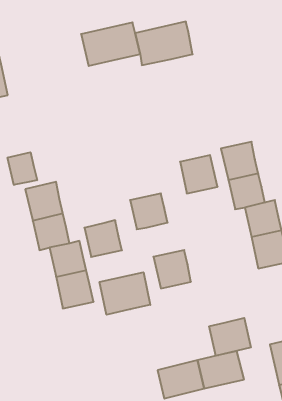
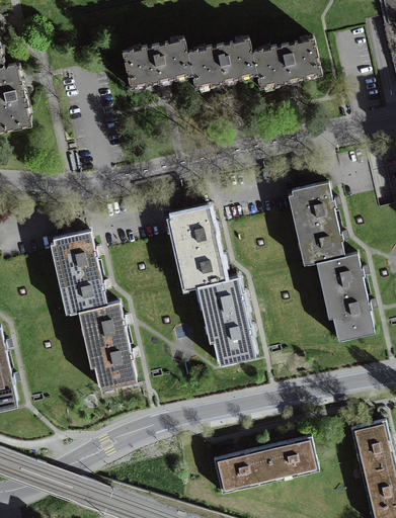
building: none -> [251,36,321,89]
building: [8,152,37,185] -> none
building: [180,155,218,193] -> [172,206,218,253]
building: [84,220,122,257] -> [201,277,246,322]
building: [100,272,150,315] -> none
building: [209,318,251,356] -> none

